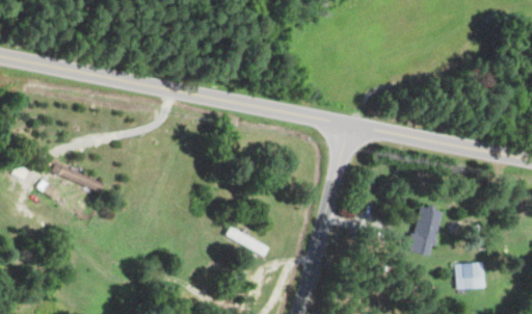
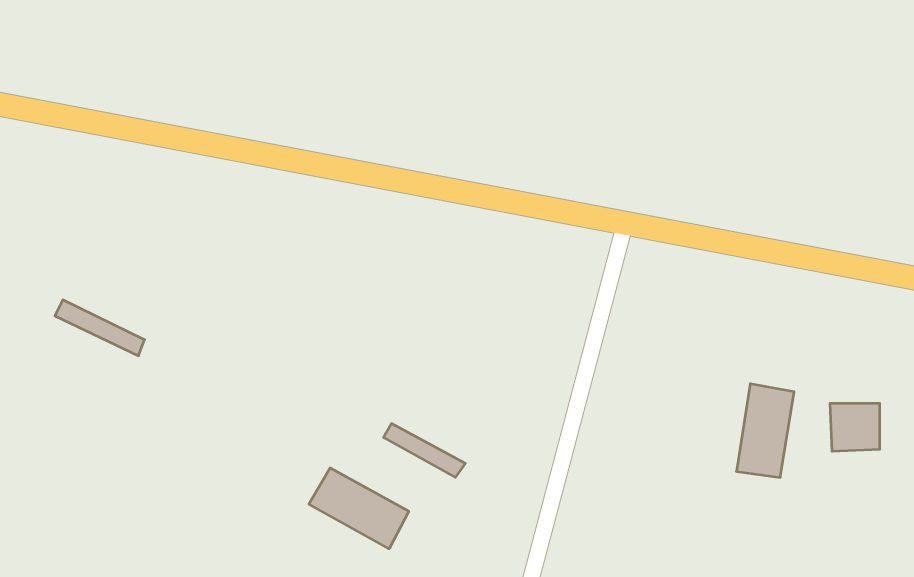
building: none -> [309,468,409,549]
building: [458,264,484,289] -> [830,403,880,451]

